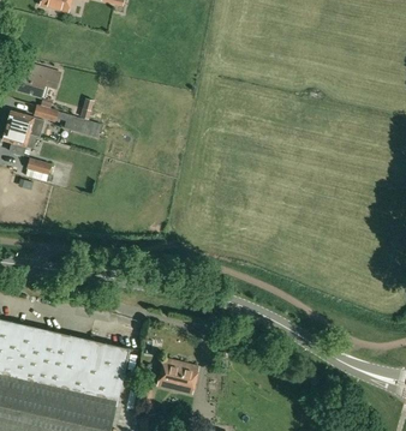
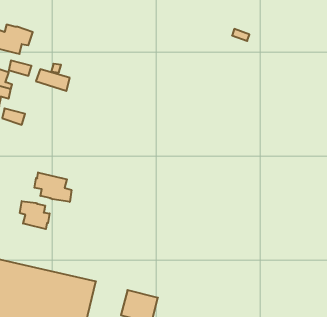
building: none -> [34,172,71,202]
building: none -> [20,201,50,229]

